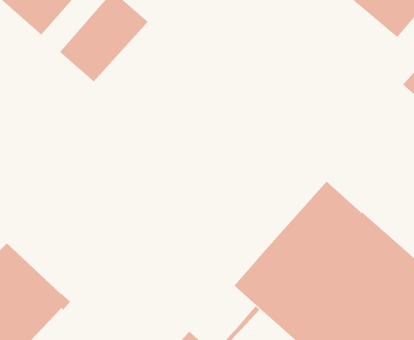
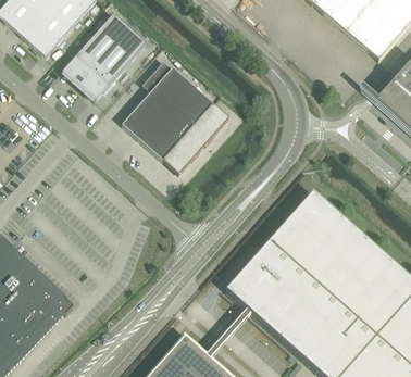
building: none -> [122,60,227,172]

